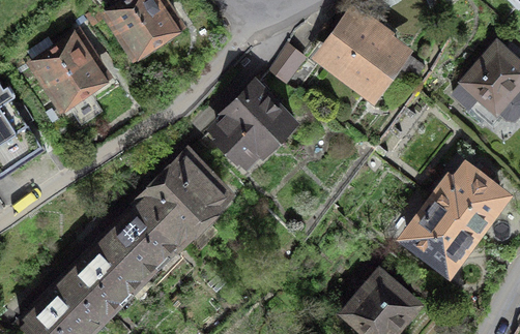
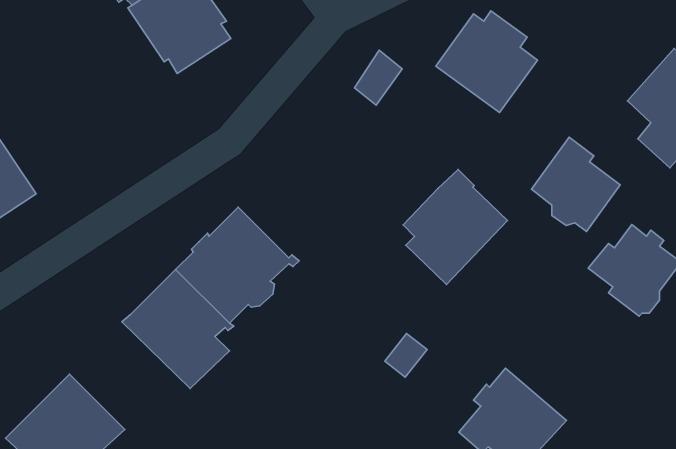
building: [27,33,110,117] -> none
building: [216,82,291,163] -> [403,170,508,284]
building: [408,198,471,265] -> [531,137,620,231]
building: [65,236,151,312] -> none

